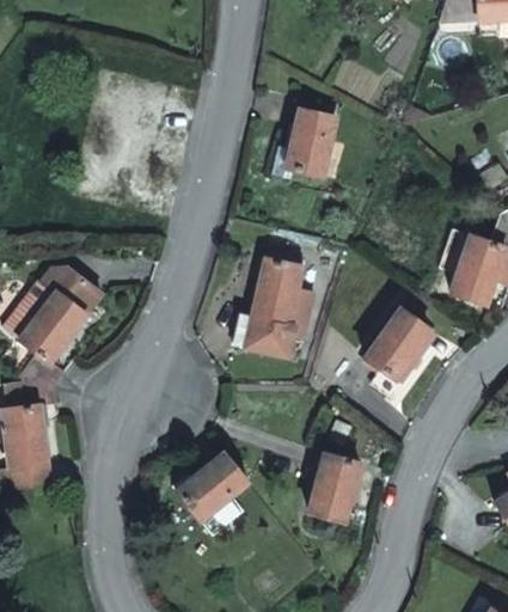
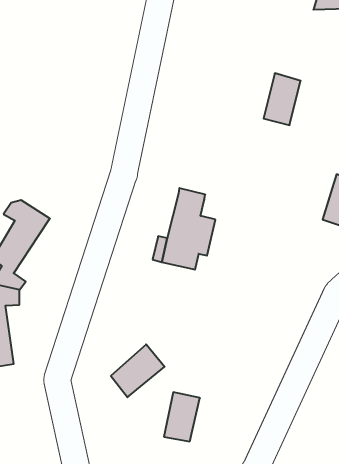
building: [286,110,333,177] -> [264,73,301,125]
building: [365,306,429,378] -> none
building: [308,454,355,518] -> [164,392,200,441]

